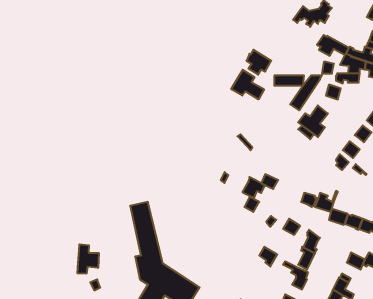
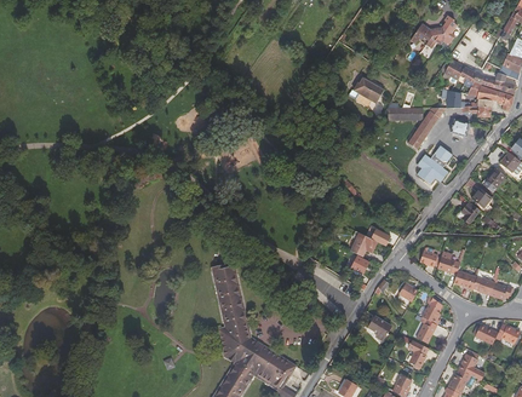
building: [231,70,264,99] -> none
building: [77,244,99,274] -> none

